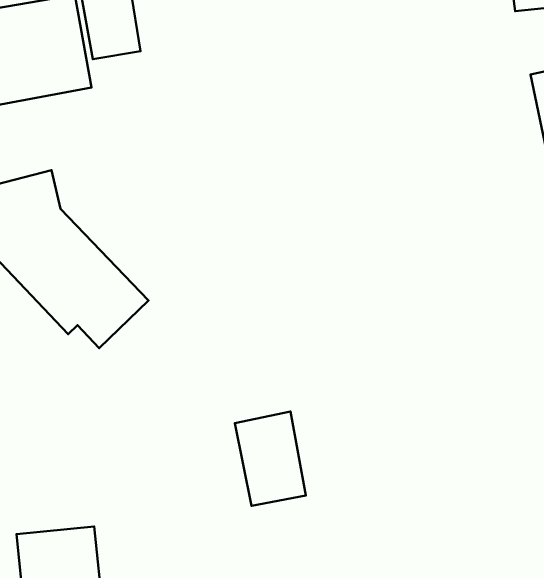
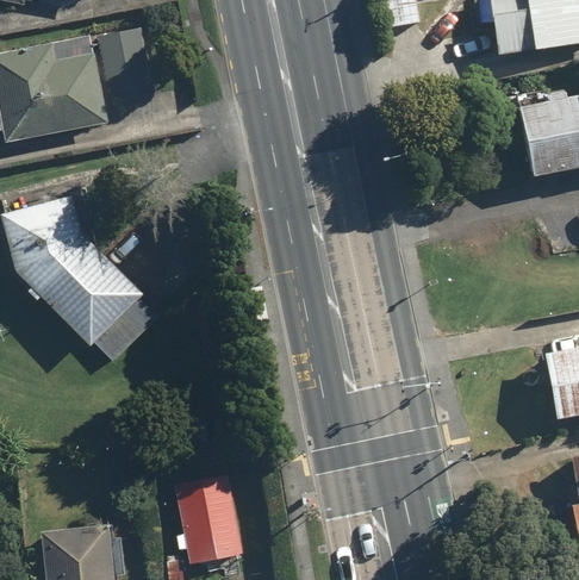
building: [235,412,306,506] -> [176,476,242,563]

